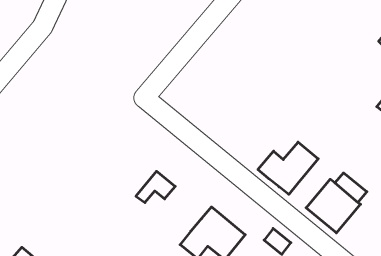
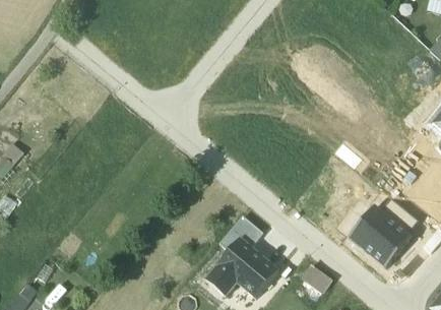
building: [258,142,318,194] -> none
building: [136,171,175,203] -> [219,215,264,251]

